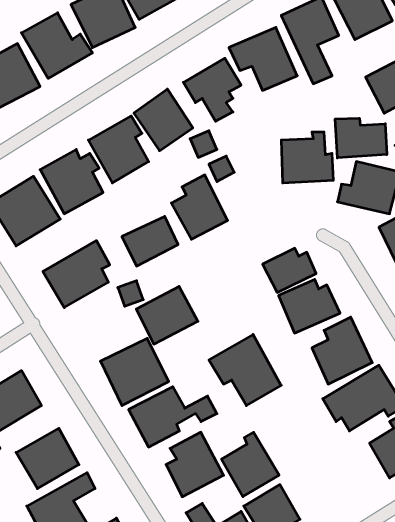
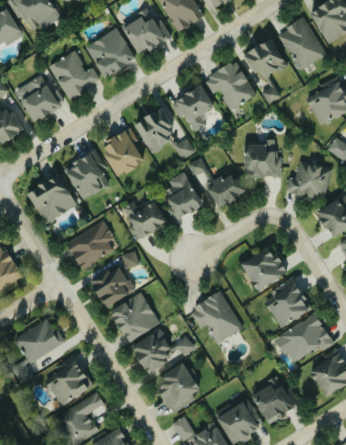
building: [335,118,387,158] -> none
building: [263,248,316,292] -> [206,174,246,207]
building: [136,286,198,344] -> [89,265,135,308]
building: [222,432,279,497] -> [251,376,294,424]

